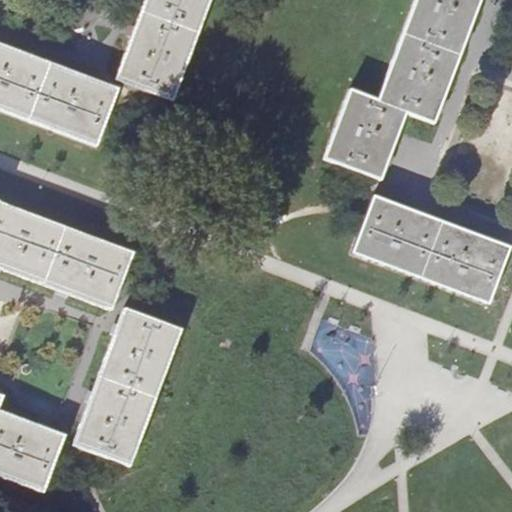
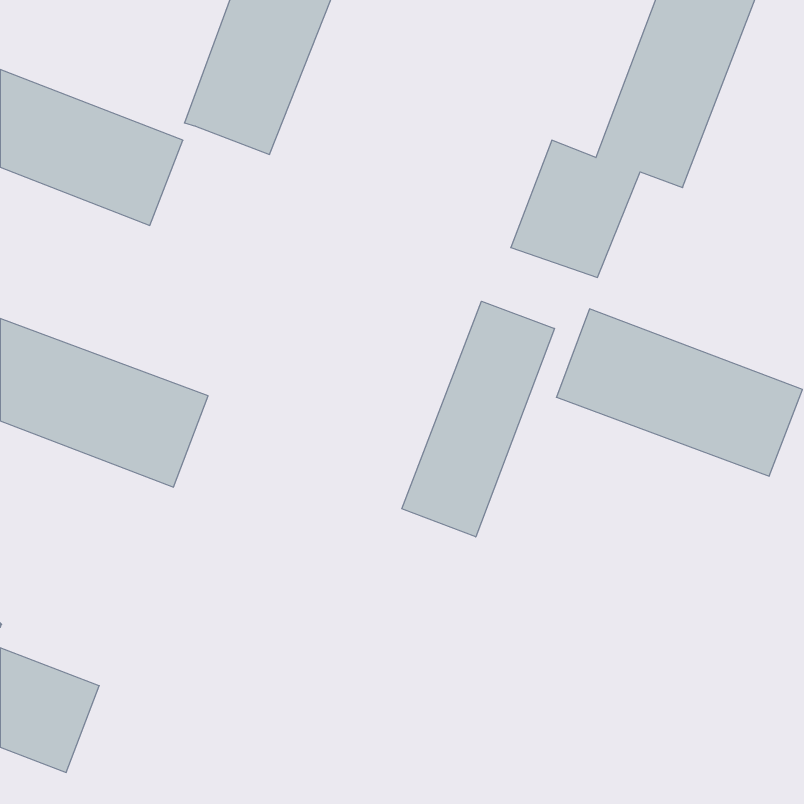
building: none -> [402,301,554,537]
building: [75,311,180,464] -> none

